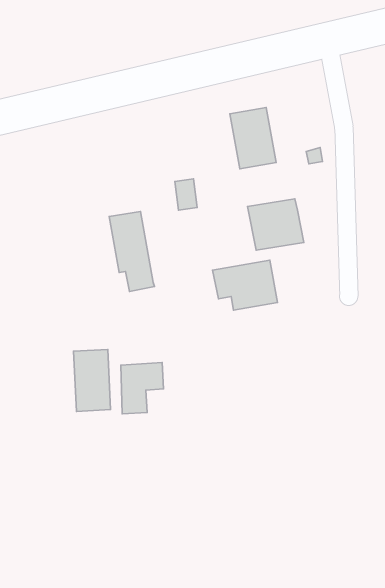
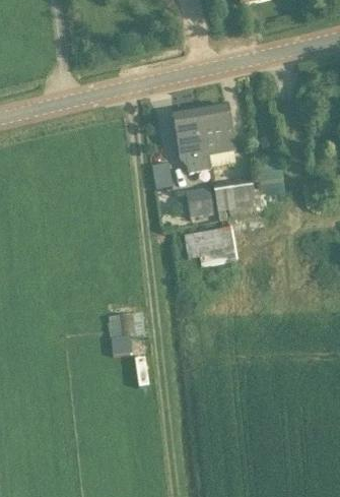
building: none -> [186,187,214,219]
building: [109,211,154,291] -> [173,109,209,174]
building: [74,349,111,411] -> none

